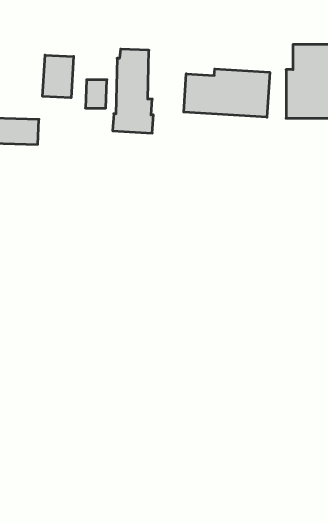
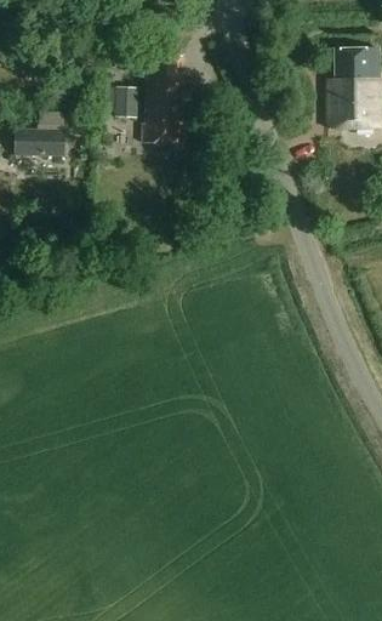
building: [43,55,74,98] -> none
building: [184,69,270,117] -> none

